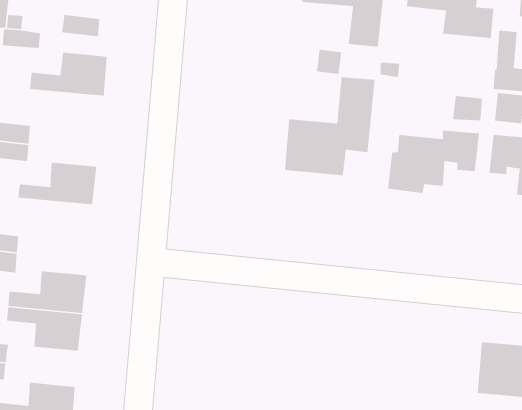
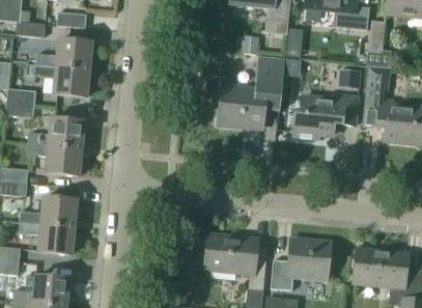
building: none -> [26,64,89,97]
building: none -> [26,143,81,176]
building: none -> [207,231,268,290]
building: none -> [270,239,330,290]

